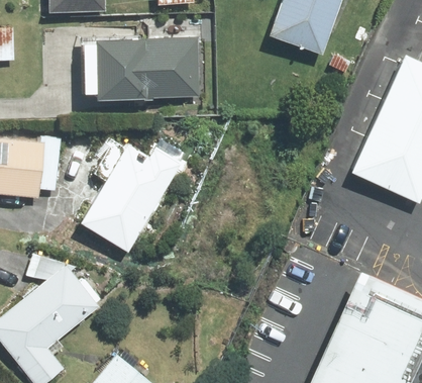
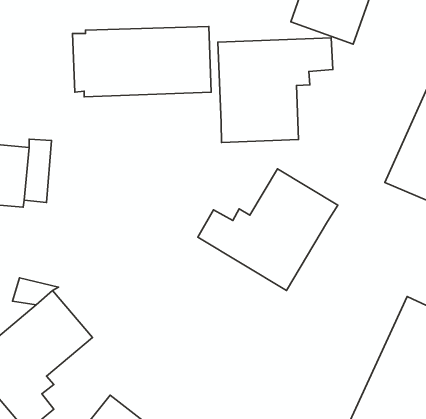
building: none -> [218,38,333,142]
building: [80,139,185,251] -> none
building: none -> [198,169,338,290]

